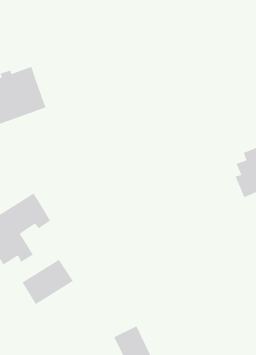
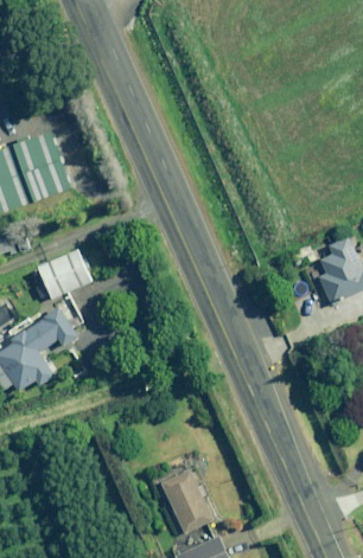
building: none -> [37,249,94,299]
building: [22,259,74,305] -> none

